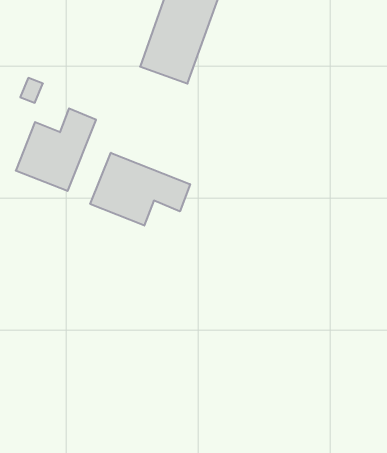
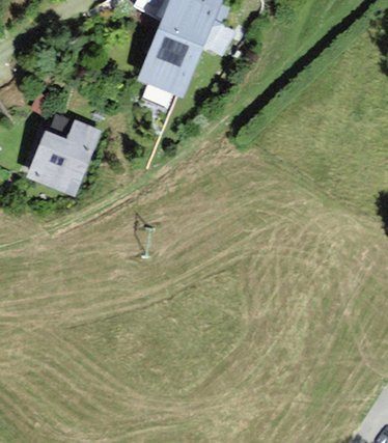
building: [90,153,190,226] -> none

